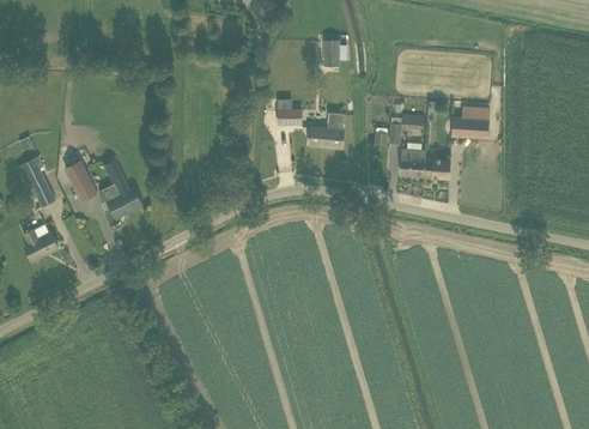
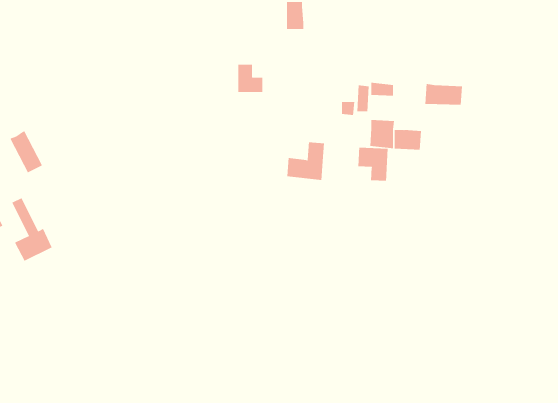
building: [308,111,344,147] -> [286,142,325,180]
building: [103,158,141,218] -> [11,197,52,262]
building: none -> [358,147,388,181]

